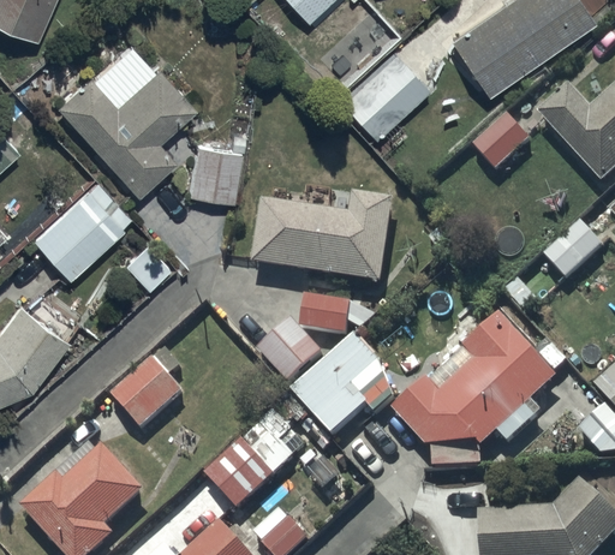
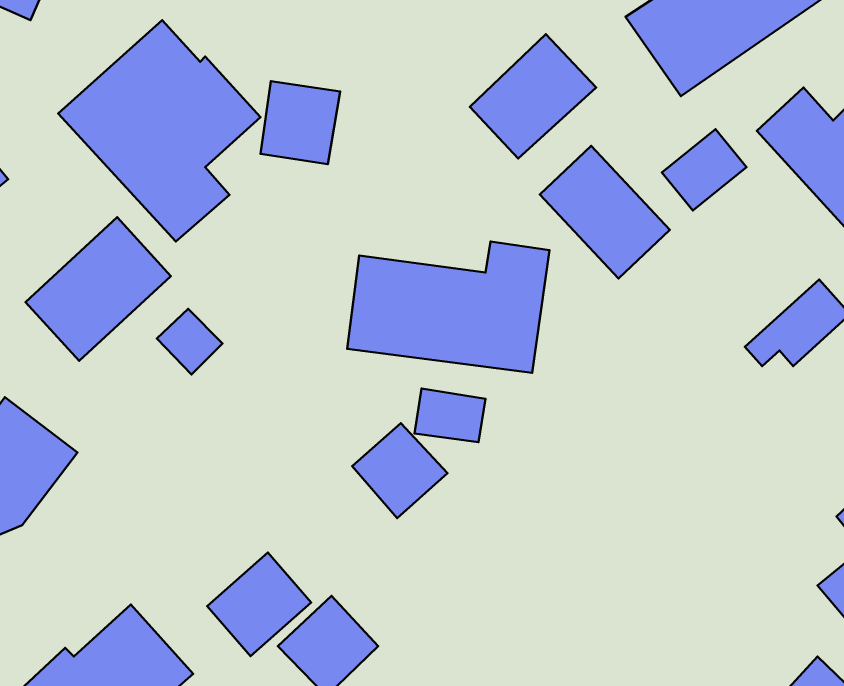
building: none -> [540,146,670,279]
building: [187,141,243,198] -> [261,81,340,164]
building: [395,316,557,469] -> none
building: [293,333,396,436] -> none
building: [113,357,185,429] -> [207,552,311,656]

